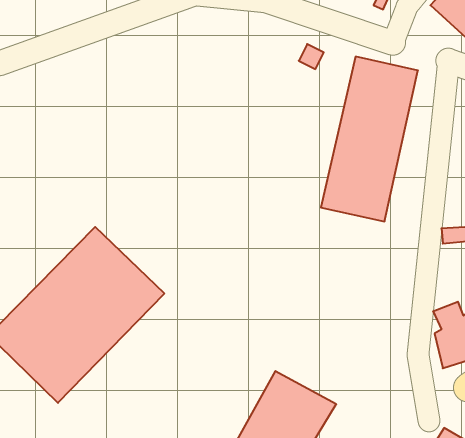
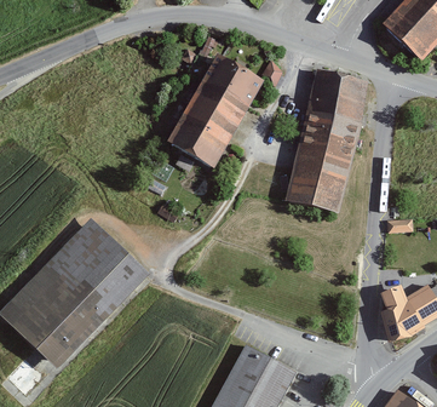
building: none -> [162,53,263,170]

